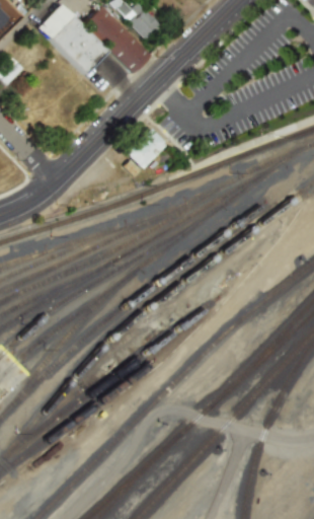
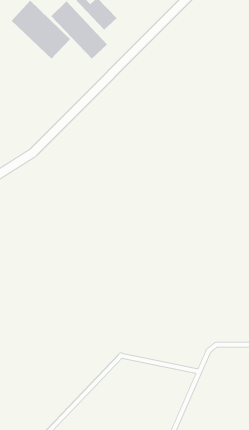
building: [128,129,168,170] -> none

